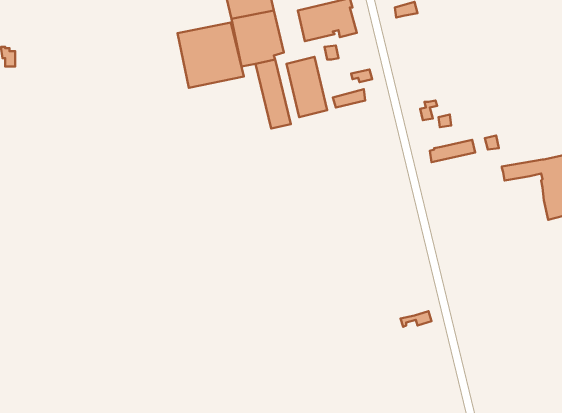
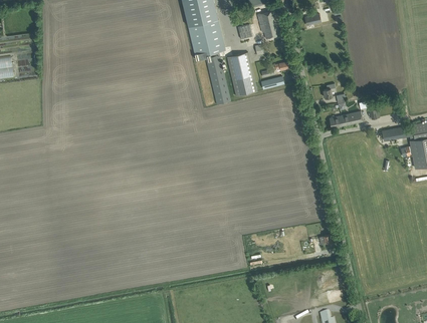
building: [177,22,244,88] -> none

